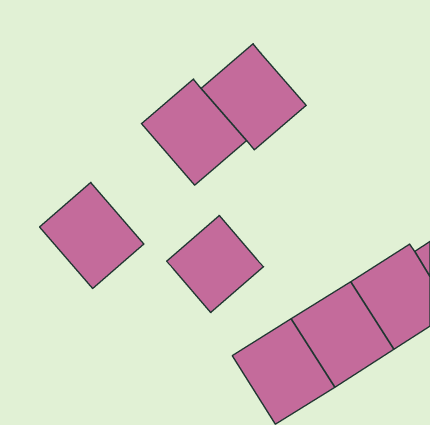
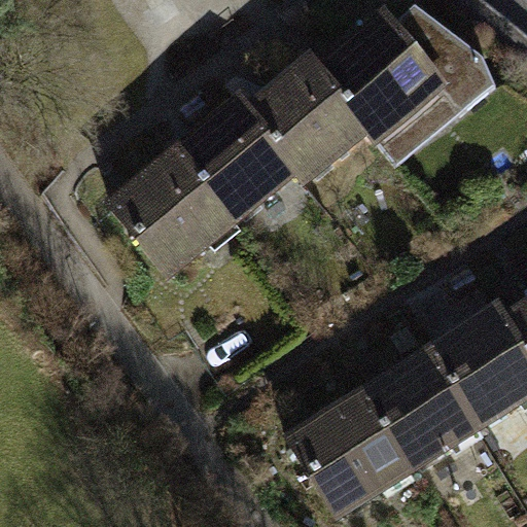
building: none -> [319,4,495,162]
building: [40,182,144,288] -> [110,151,238,281]
building: [167,215,264,313] -> none

